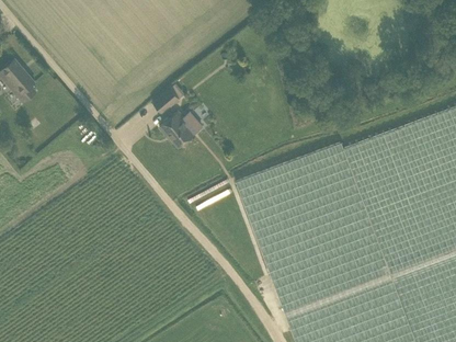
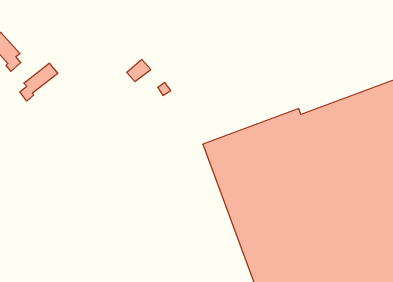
building: none -> [20,63,58,101]
building: [160,112,194,147] -> none

